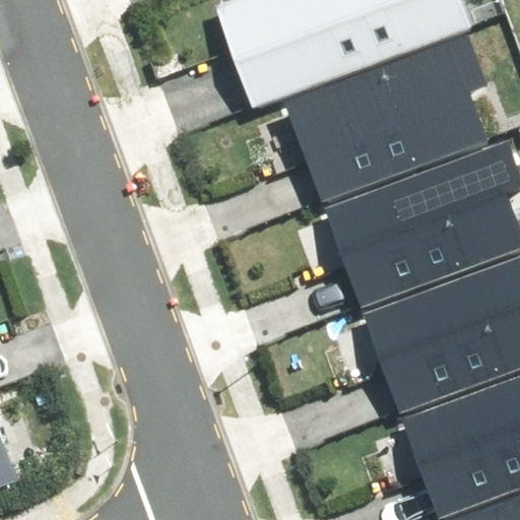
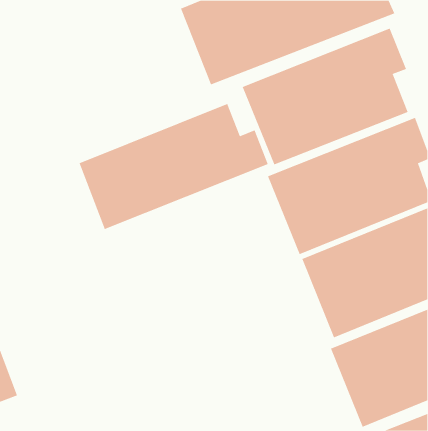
building: none -> [79,103,268,230]

